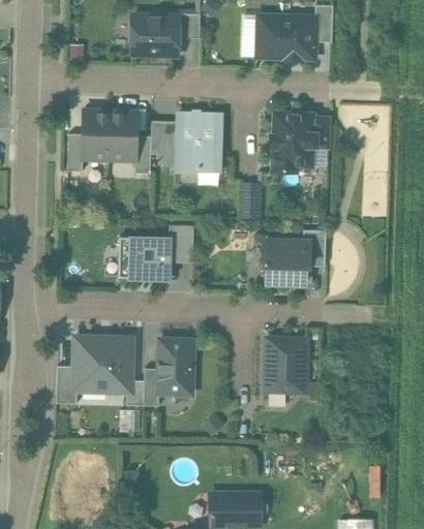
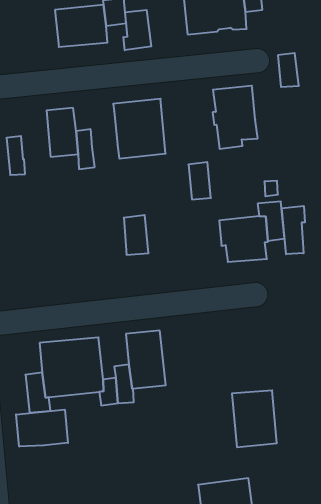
building: none -> [123,10,151,50]
building: [82,112,111,158] -> none
building: [311,117,329,149] -> [278,53,299,87]
building: [150,121,176,155] -> none
building: [118,237,169,280] -> none
building: none -> [282,206,305,254]
building: [265,338,306,392] -> [232,390,277,447]
building: none -> [16,410,68,447]

